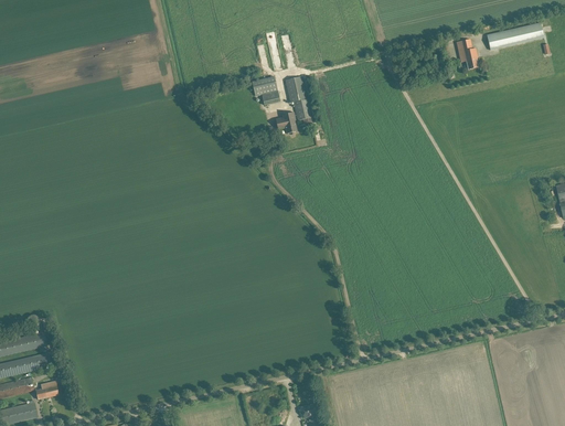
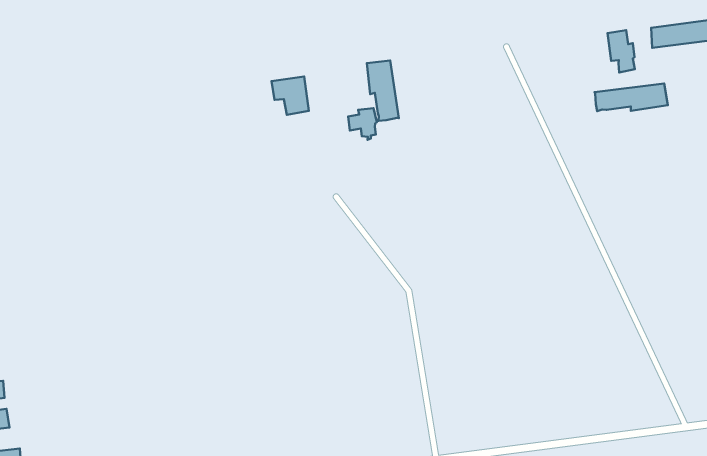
building: none -> [594,83,668,111]
building: [249,76,278,105] -> [272,77,309,115]

